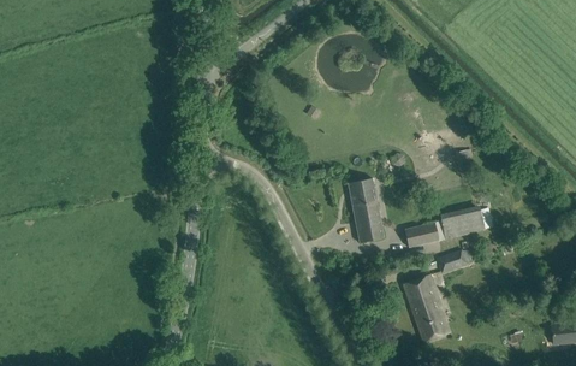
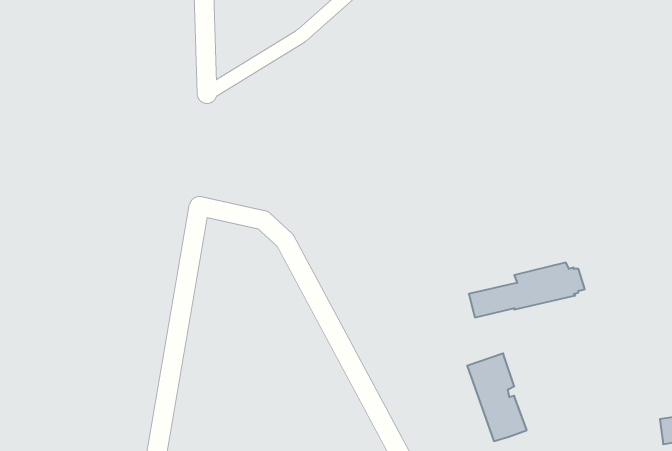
building: [349,178,385,243] -> none
building: [438,249,473,274] -> none

